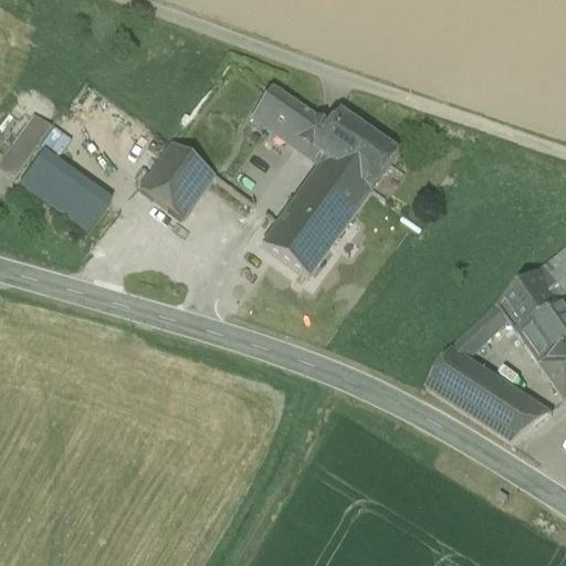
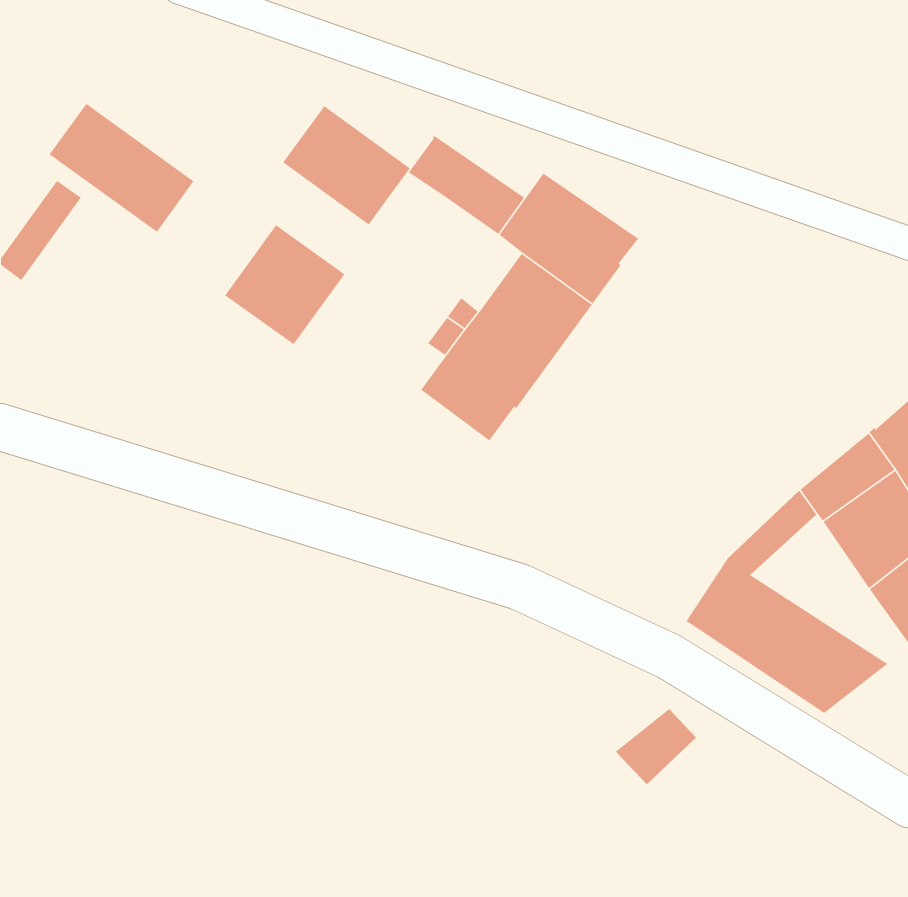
building: none -> [282,105,411,225]
building: [21,148,112,229] -> [49,103,195,233]
building: none -> [615,708,697,785]

